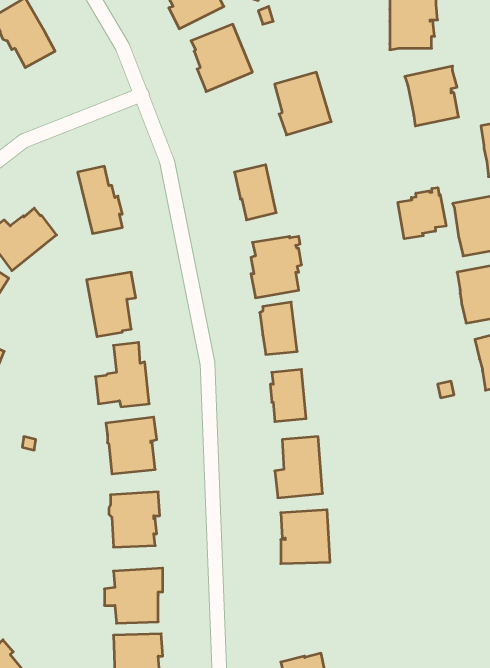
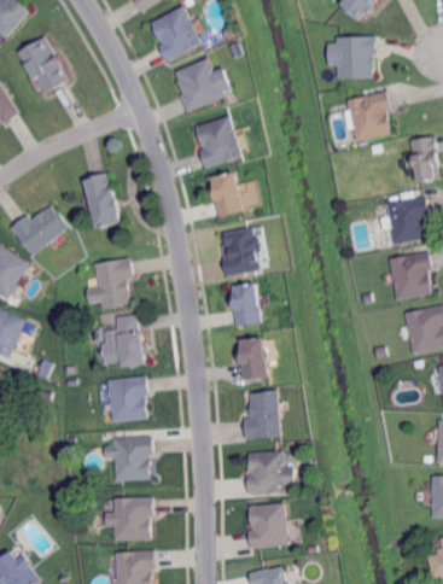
building: [275,72,331,135] -> [196,116,241,167]
building: [398,188,446,239] -> none
building: none -> [249,502,287,548]

